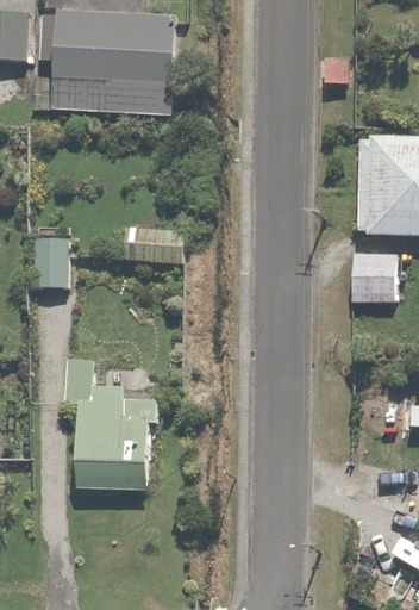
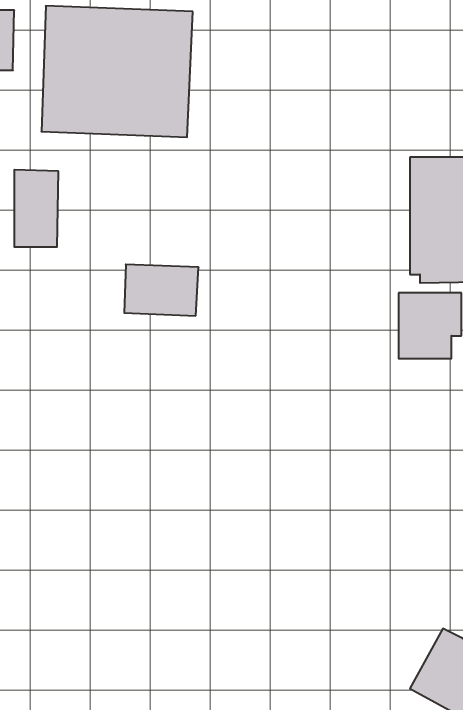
building: [32,225,69,290] -> [14,170,58,247]
building: [63,356,155,492] -> none

